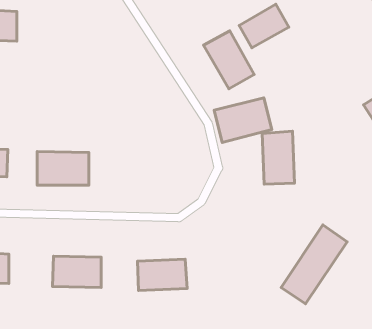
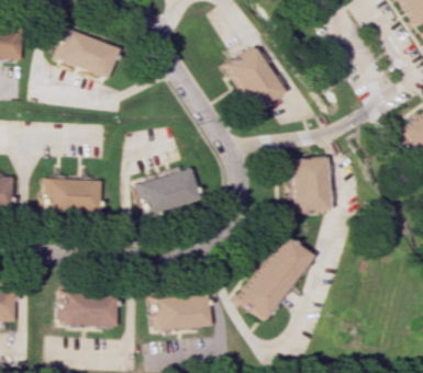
building: [239,4,289,48] -> none
building: none -> [57,30,120,79]
building: [214,98,272,143] -> [137,167,200,215]
building: [281,225,347,304] -> [237,236,309,321]

